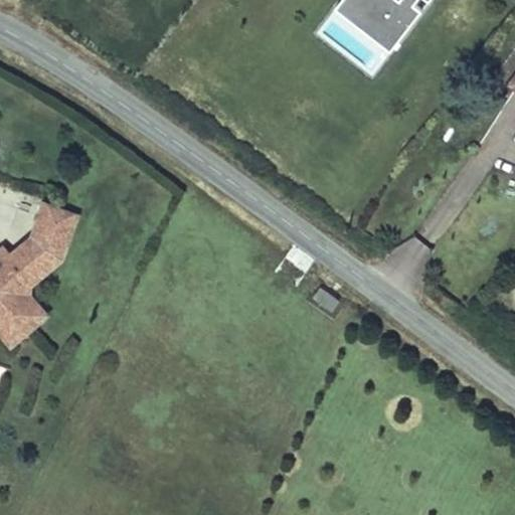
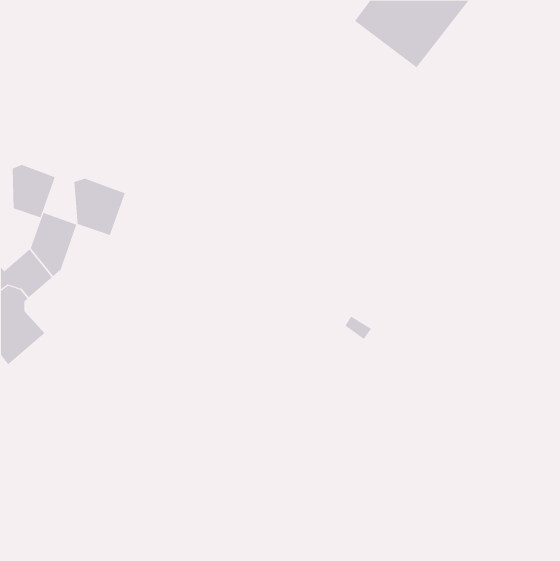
building: none -> [12,164,55,218]
building: none -> [74,178,125,236]

